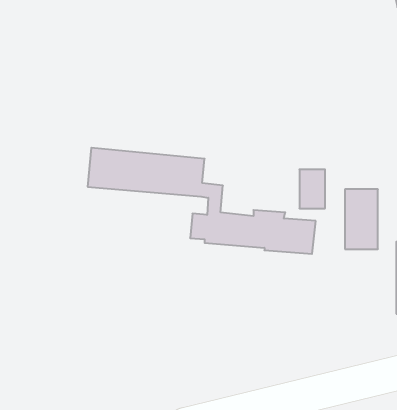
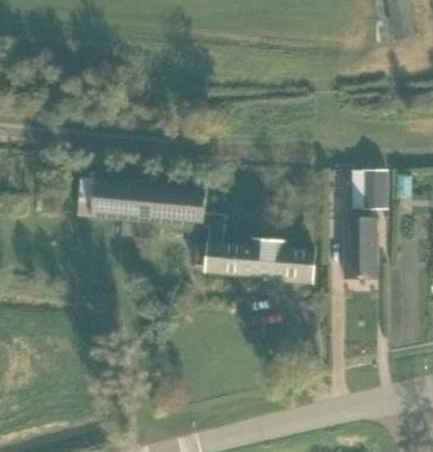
building: [299,169,325,208] -> [361,170,386,208]

